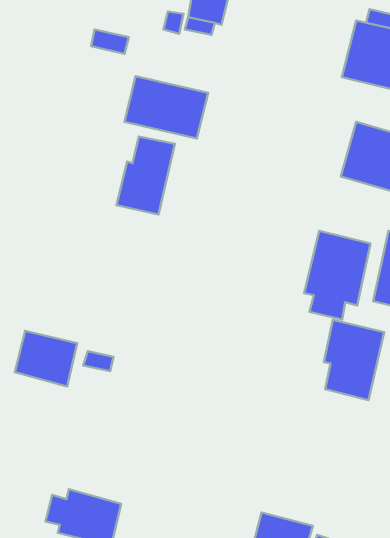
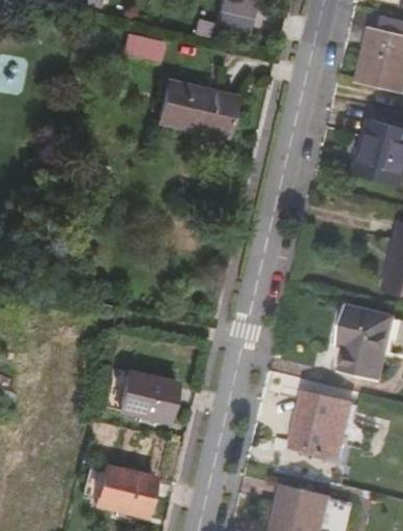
building: [117,137,175,214] -> none
building: [304,231,370,320] -> none
building: [15,331,77,387] -> [114,369,172,421]
building: none -> [290,390,351,457]

